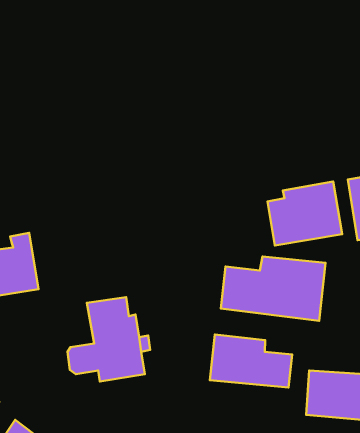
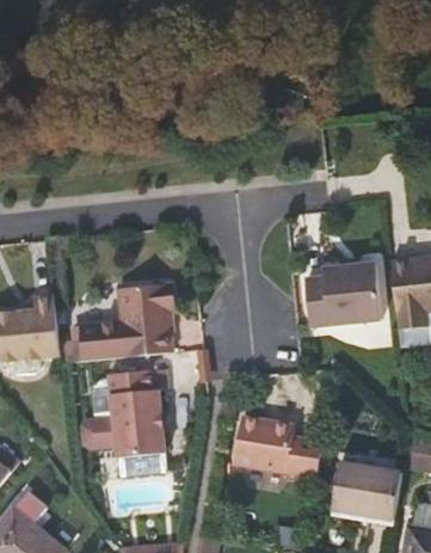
building: none -> [76,278,172,362]
building: [221,256,326,321] -> none

